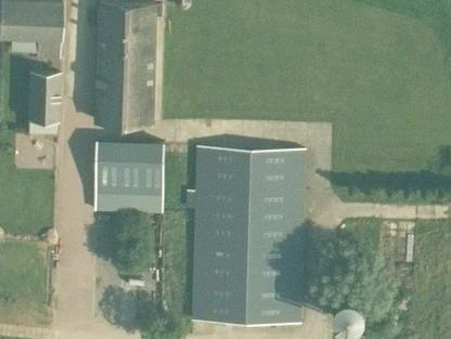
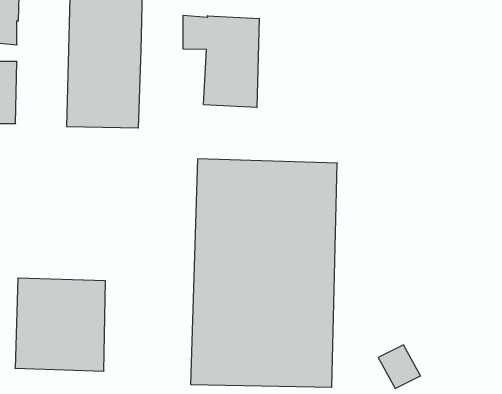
building: none -> [183,15,259,108]
building: [95,142,165,213] -> [15,278,105,371]

